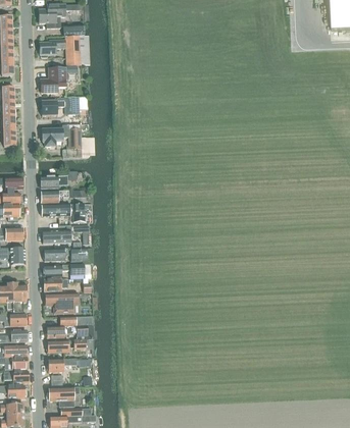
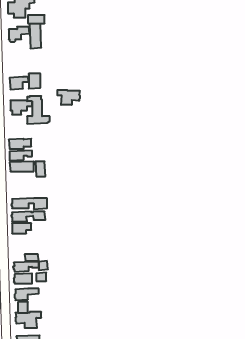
building: [41,67,65,93] -> none
building: none -> [57,90,80,105]
building: [42,224,89,243] -> none
building: [44,292,78,313] -> none

